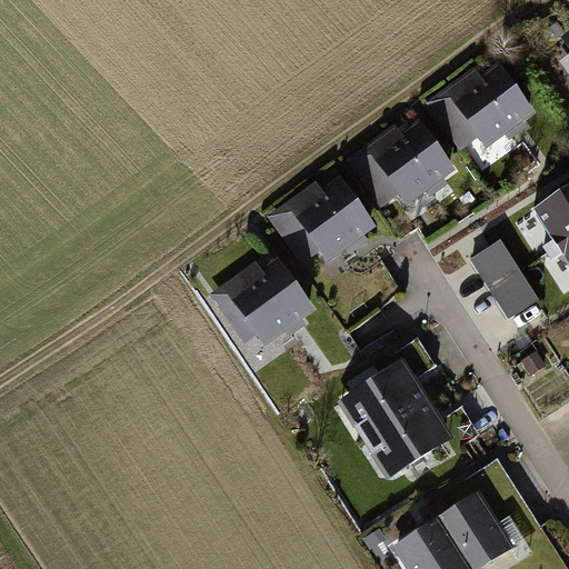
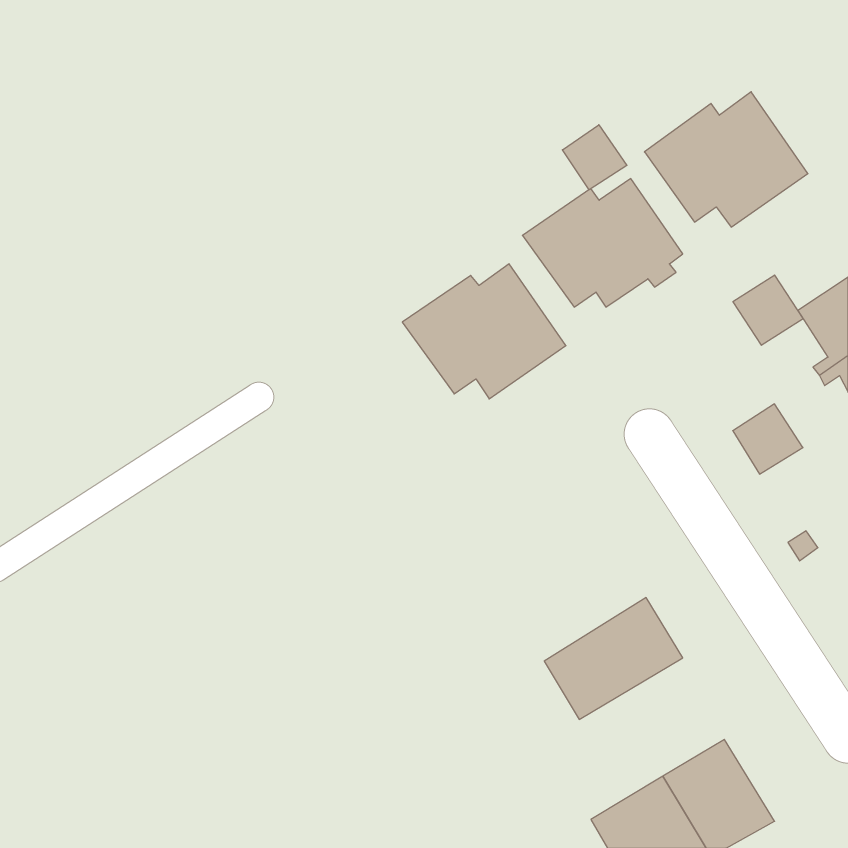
building: none -> [562,125,627,190]
building: [469,240,516,287] -> [733,275,803,345]
building: [209,254,318,345] -> none
building: [338,359,430,440] -> none

